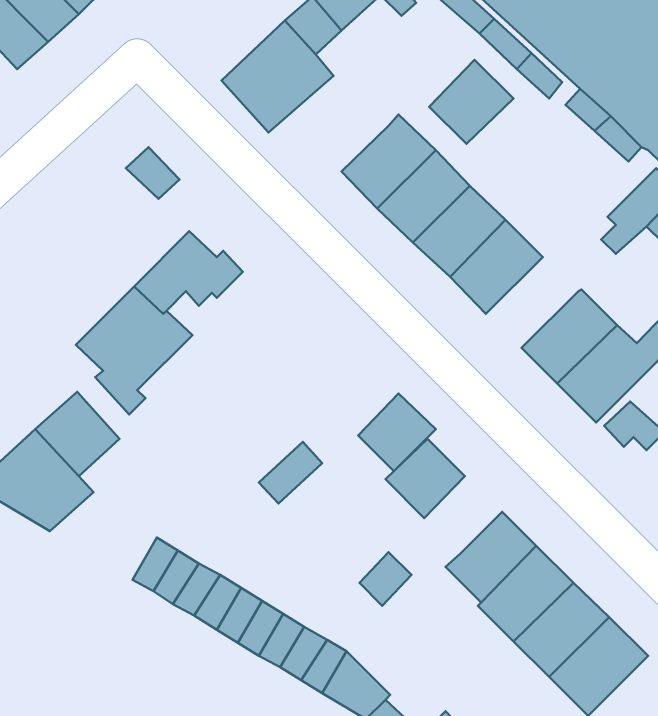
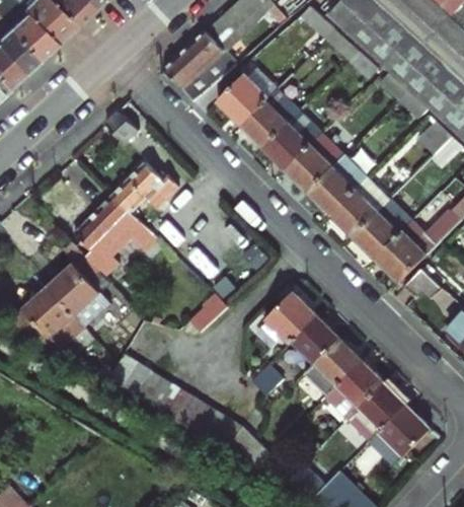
building: [429,60,514,144] -> [217,72,269,125]
building: none -> [330,178,388,235]
building: [358,393,436,471] -> [292,315,340,364]

